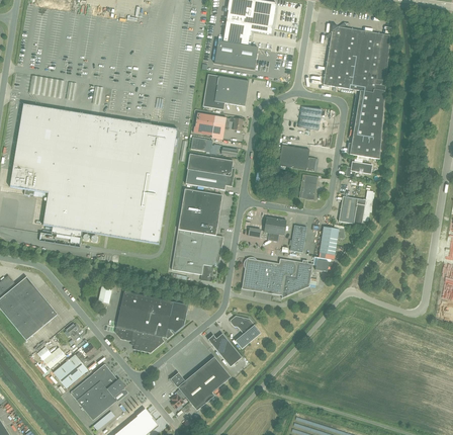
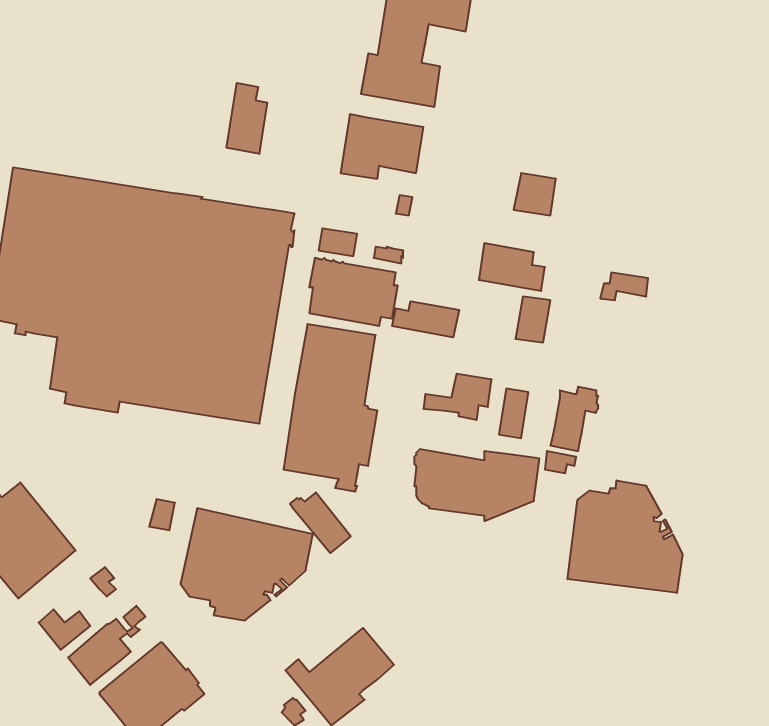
building: [323,22,389,159] -> none
building: none -> [227,83,267,154]
building: [192,112,229,135] -> none
building: none -> [392,301,459,337]
building: [338,190,372,225] -> none
building: none -> [568,480,682,593]
building: [230,316,260,348] -> none
building: [207,333,241,366] -> [290,492,351,553]

